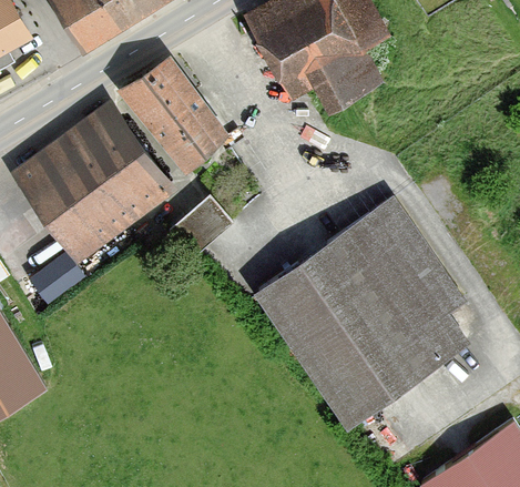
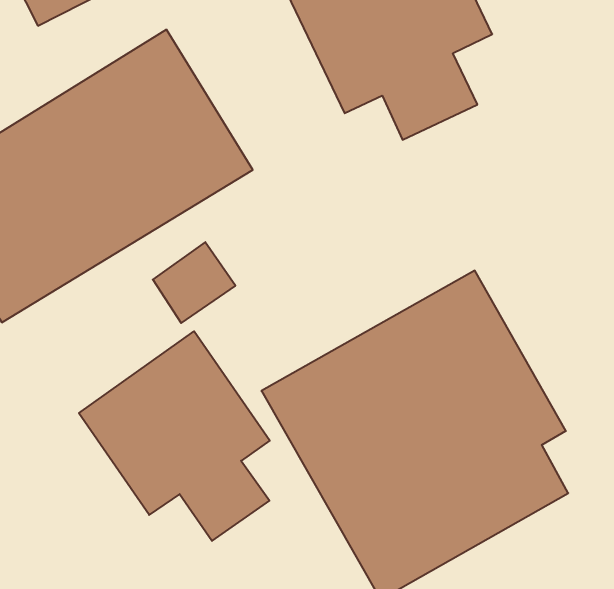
building: none -> [79,331,270,541]

